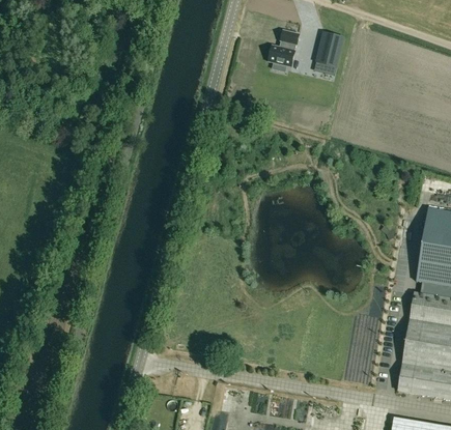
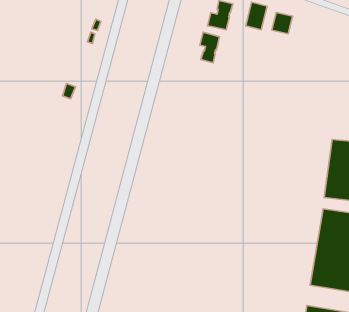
building: none -> [272,12,292,34]
building: none -> [200,32,220,63]

